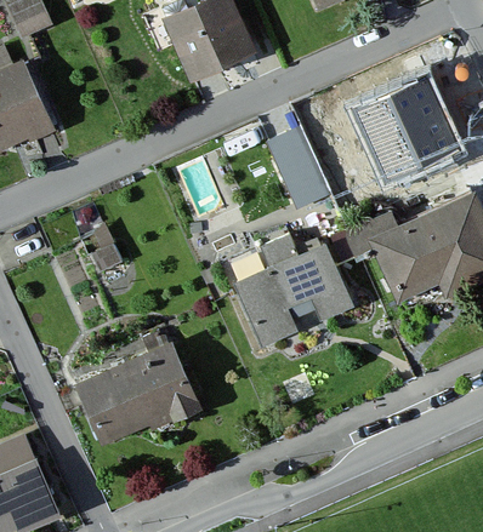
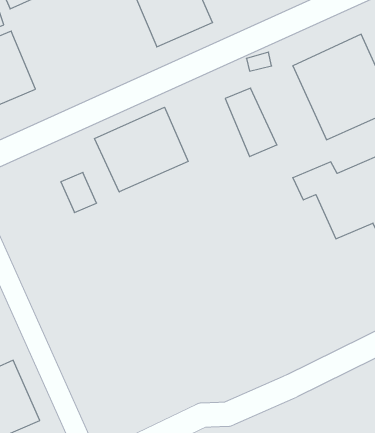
building: none -> [94,107,188,192]
building: [237,233,352,345] -> none
building: [79,344,199,441] -> none

